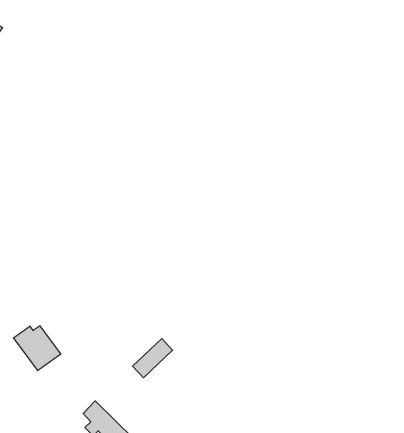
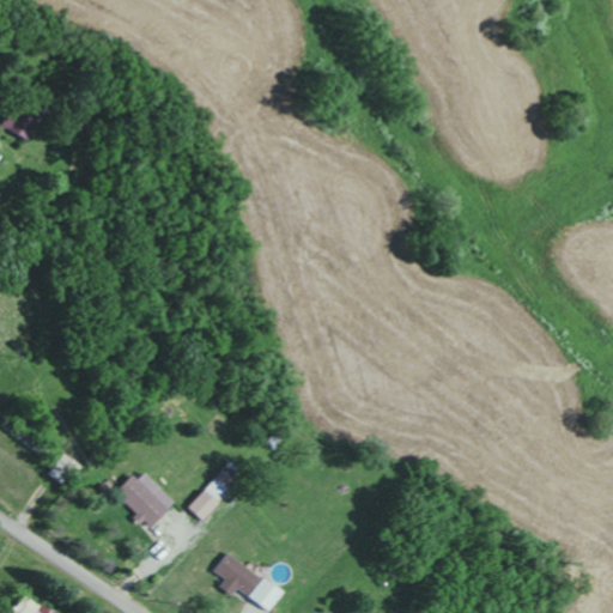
building: [133,339,173,378] -> [189,471,235,522]

